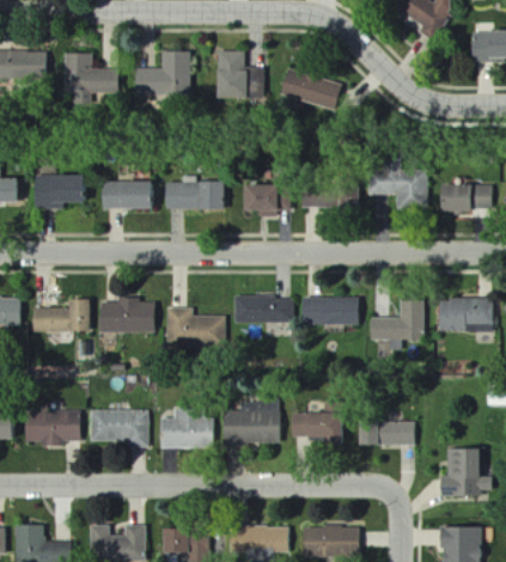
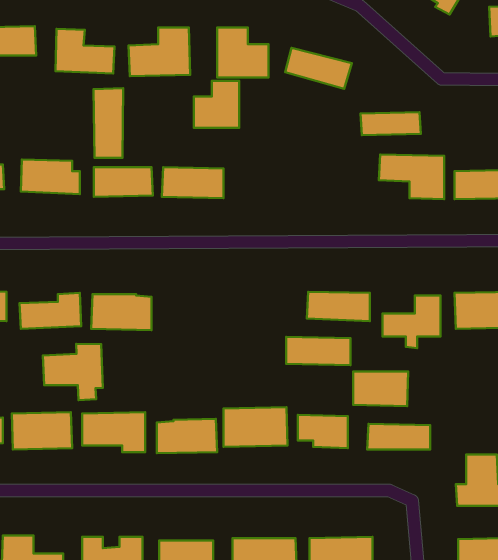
building: none -> [194,81,239,128]
building: none -> [93,88,123,158]
building: [239,184,274,210] -> none
building: [299,185,355,207] -> [361,112,421,135]
building: [233,295,293,322] -> [286,337,350,365]
building: [167,306,226,347] -> none
building: none -> [43,344,103,400]
building: none -> [353,371,408,406]

